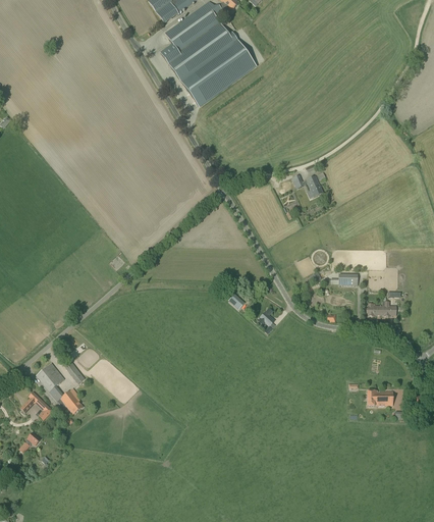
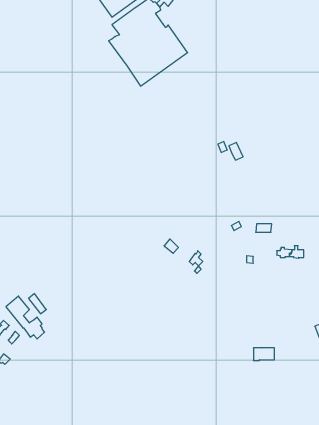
building: [367,390,392,406] -> [253,348,274,361]

